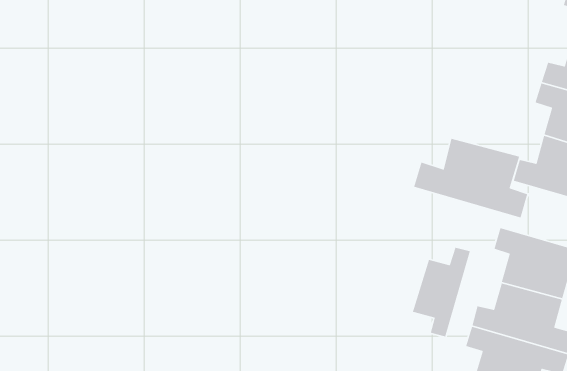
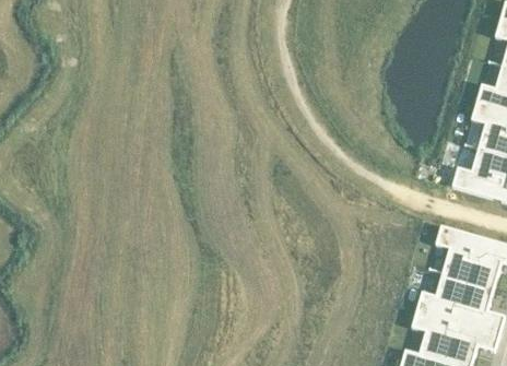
building: [413,138,528,219] -> none
building: [412,247,471,337] -> none

